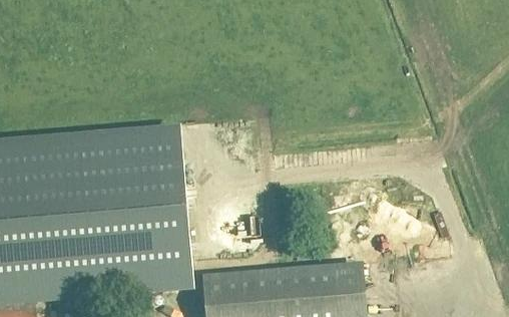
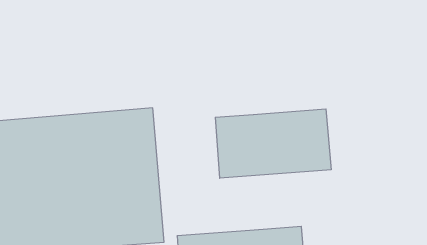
building: none -> [215,109,331,178]

